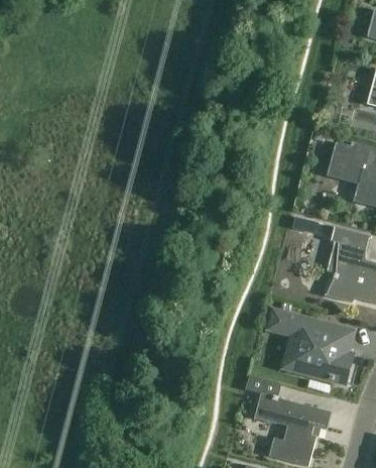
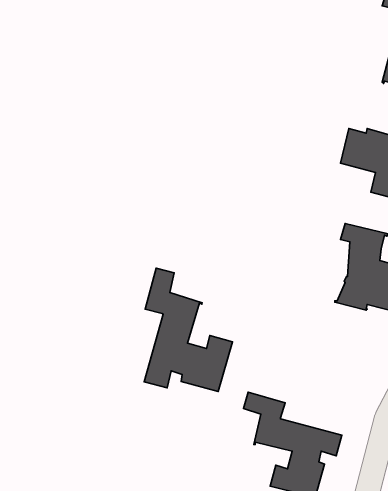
building: none -> [144,268,233,391]
building: [269,310,353,381] -> none

